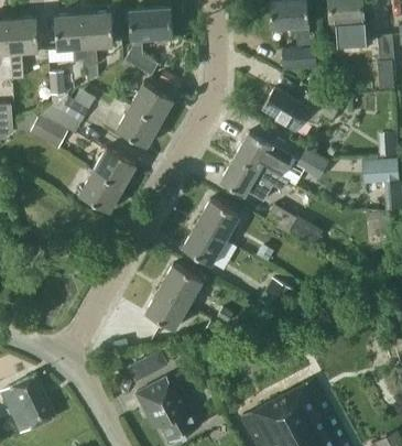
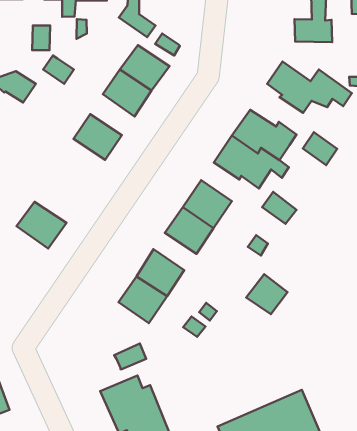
building: [78,172,122,213] -> [17,202,66,249]

